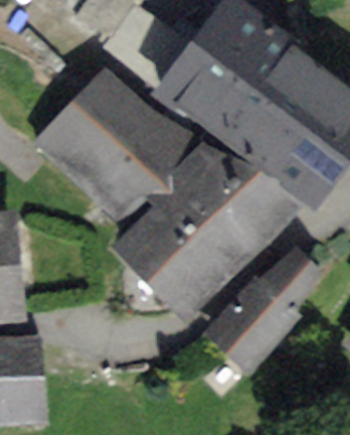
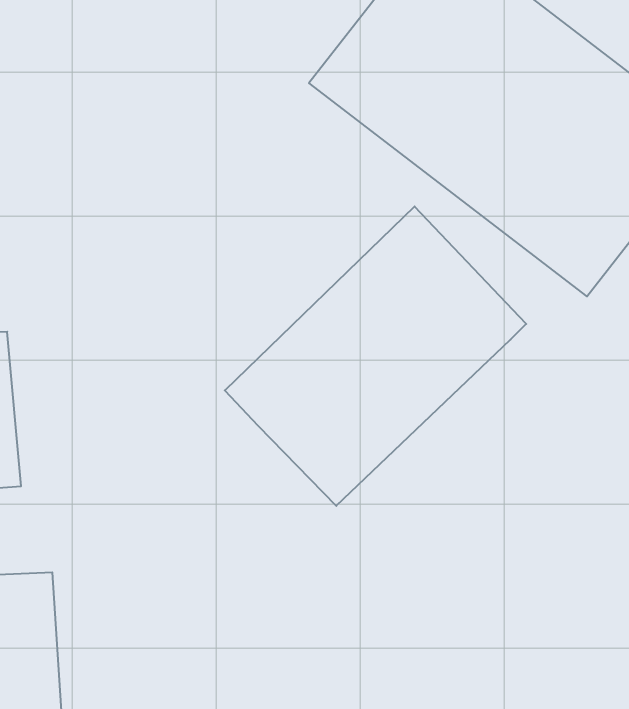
building: [42,75,178,209] -> none
building: [205,252,311,364] -> none

